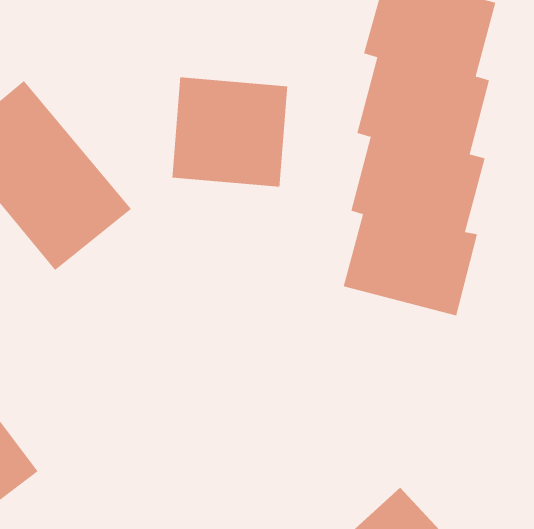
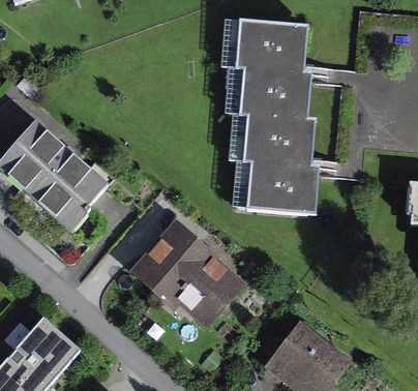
building: [172,76,288,187] -> none
building: none -> [137,215,243,319]

